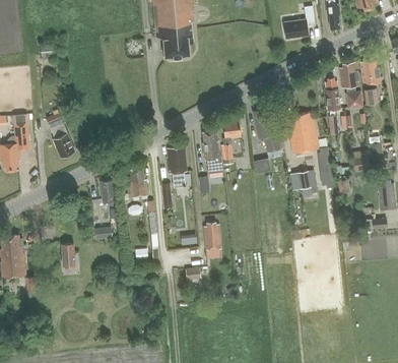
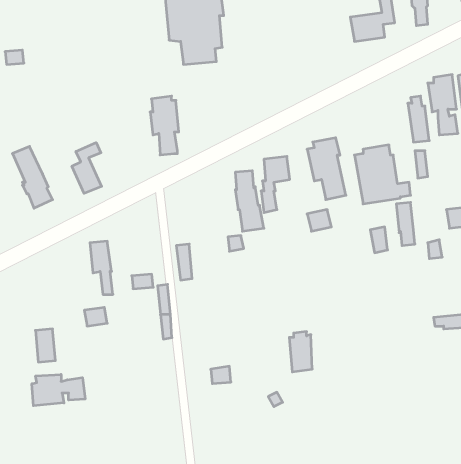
building: none -> [72,143,102,193]
building: [167,147,187,189] -> [150,96,179,155]
building: [129,169,148,198] -> none
building: [204,223,220,251] -> [289,332,312,372]
building: none -> [32,374,85,406]

